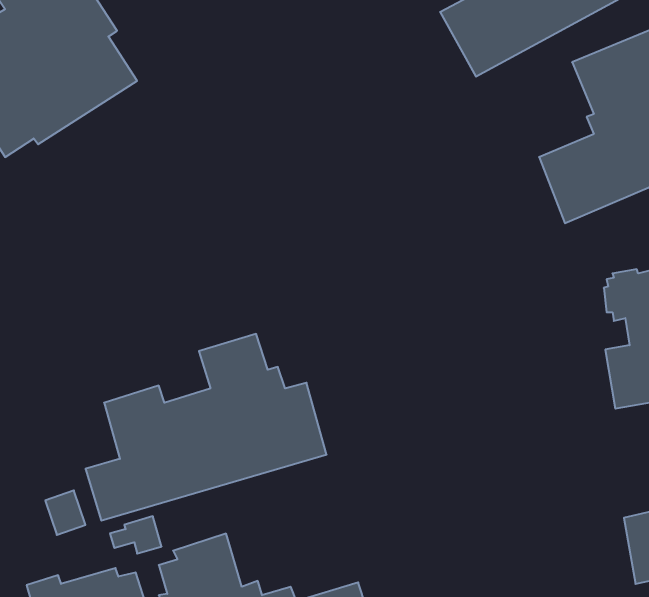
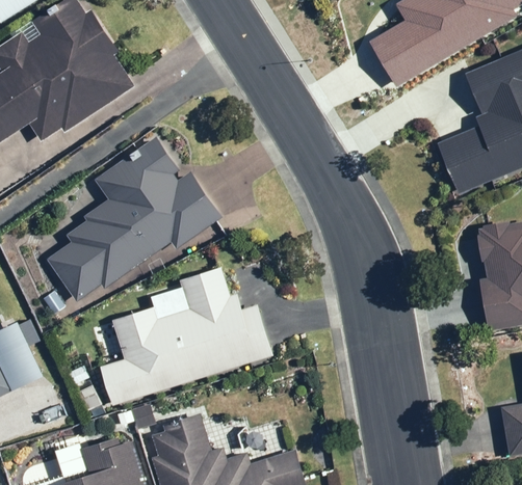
building: none -> [47,137,225,302]

